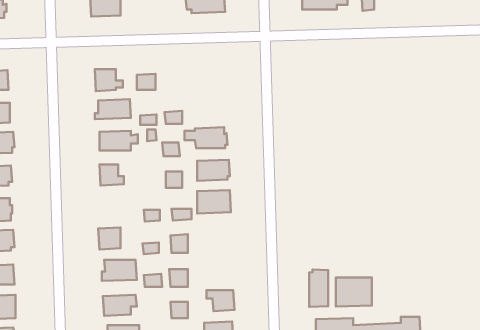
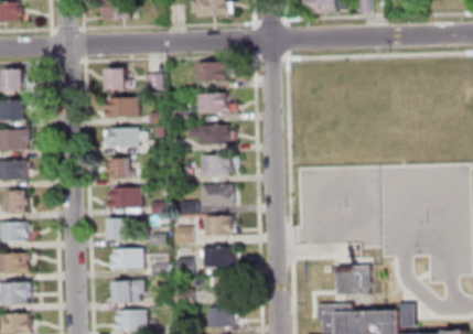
building: none -> [196,63,226,82]
building: none -> [198,94,229,114]
building: none -> [109,188,141,207]
building: none -> [205,217,233,237]
building: none -> [204,248,232,268]
building: [309,270,328,307] -> none

